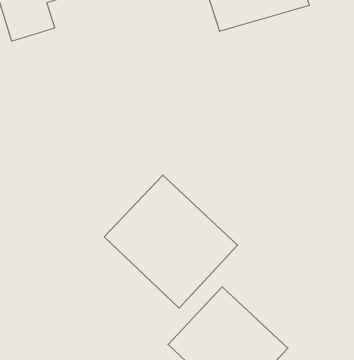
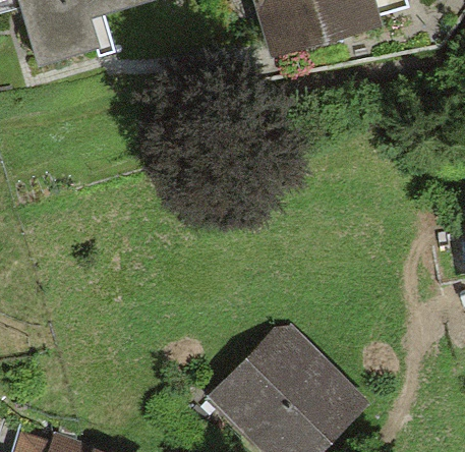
building: [104,175,238,308] -> none

